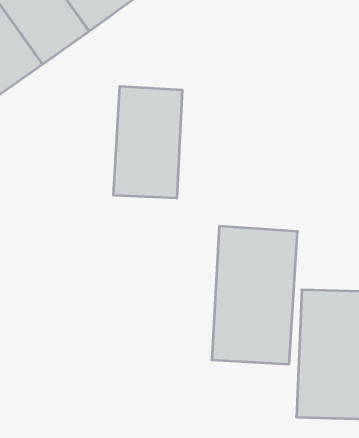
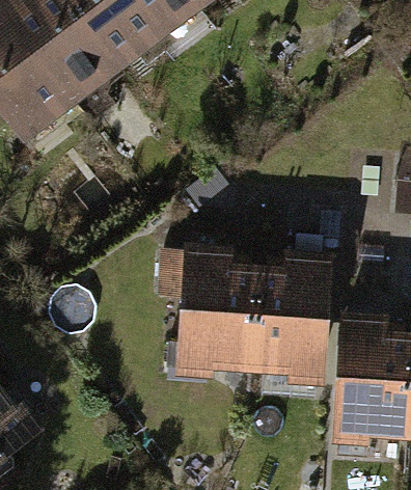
building: [114,86,182,198] -> none
building: none -> [175,250,254,385]

